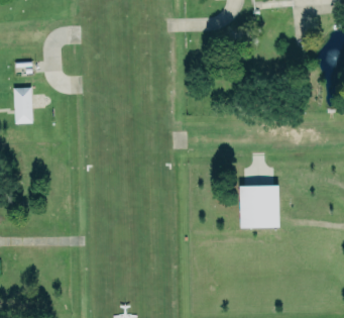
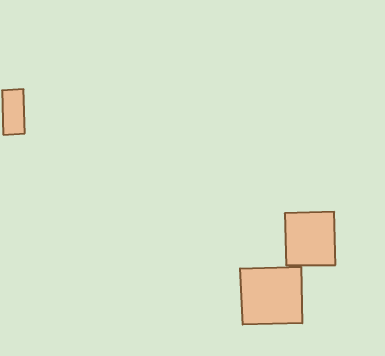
building: none -> [240,267,302,325]

